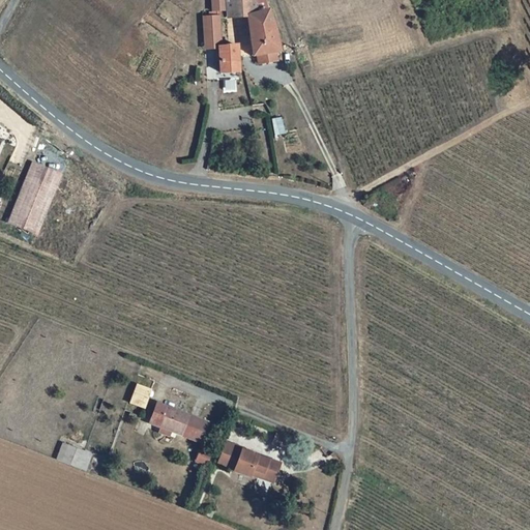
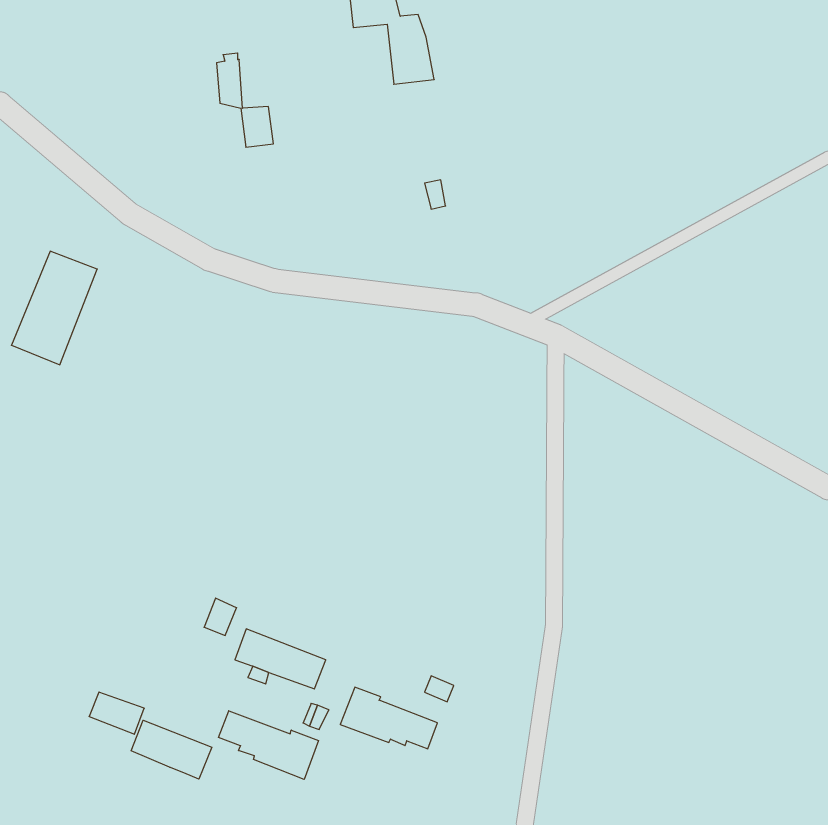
building: [203,12,239,72] -> [217,53,273,147]
building: none -> [218,711,318,779]
building: none -> [131,720,212,779]

